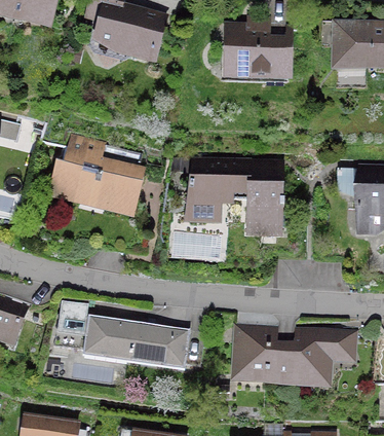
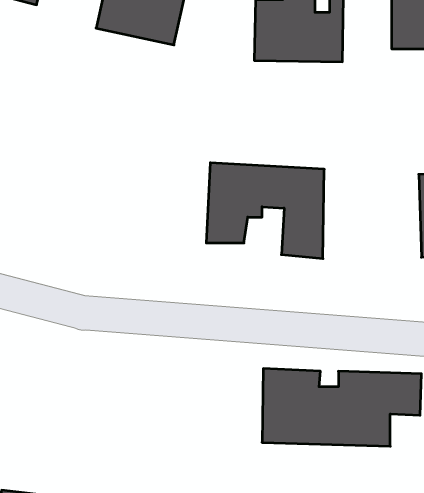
building: [43,134,143,214] -> none
building: [165,227,218,255] -> none
building: [60,300,194,367] -> none

